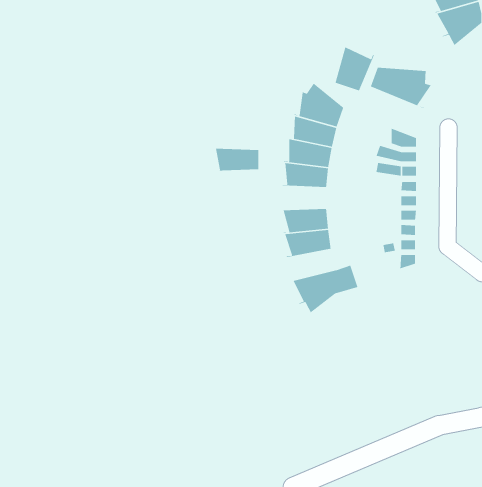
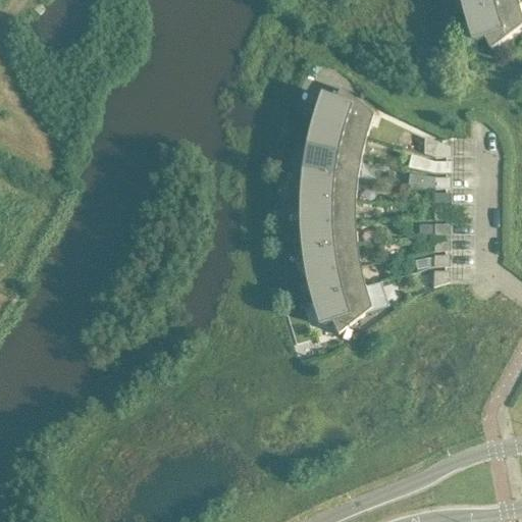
building: [335,45,375,91] -> none
building: [370,67,432,109] -> none
building: [213,148,259,172] -> [299,198,348,223]
building: none -> [305,265,358,299]

